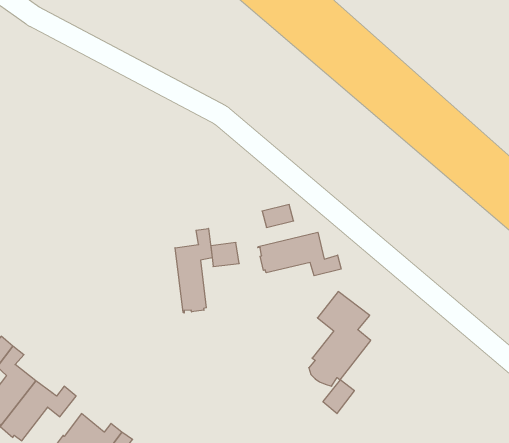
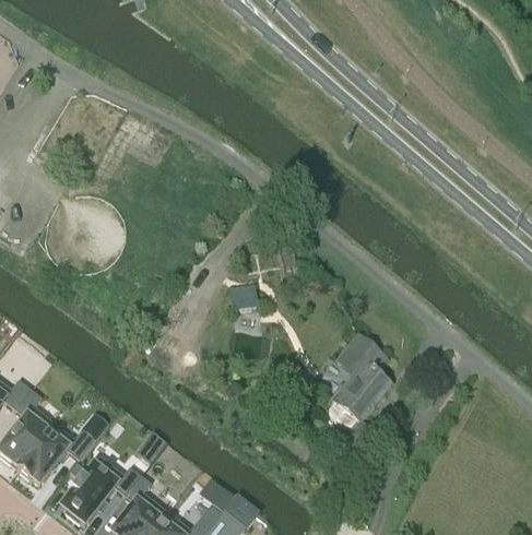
building: [175,228,212,313] -> none
building: [258,232,341,276] -> none

